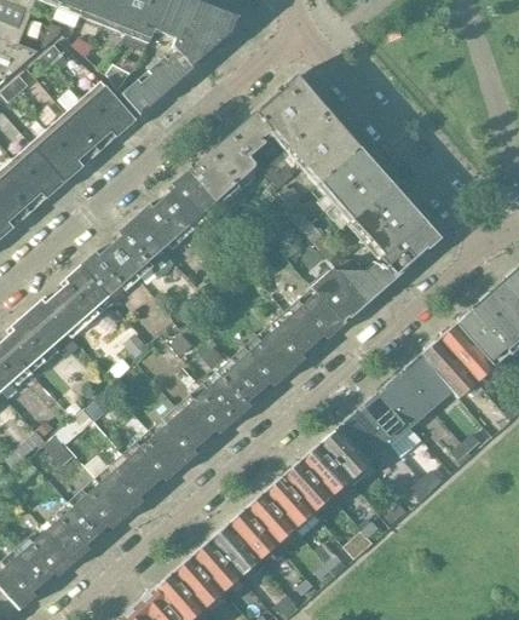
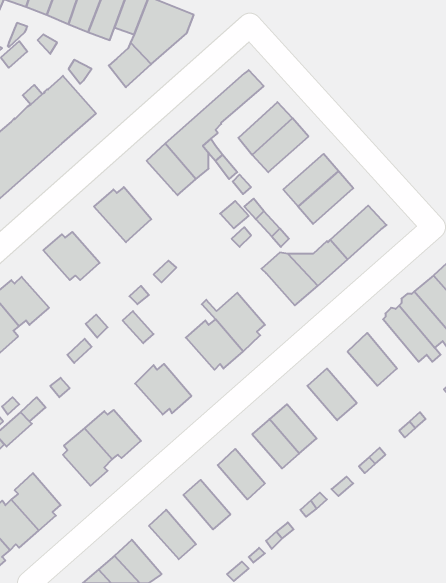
building: [123,69,168,115] -> none
building: [269,91,328,145] -> none
building: [318,144,376,200] -> none
building: [166,170,218,231] -> none
building: [365,199,423,256] -> none
building: [111,218,174,277] -> none
building: [58,264,109,325] -> none
building: [286,288,346,343] -> none
building: [422,337,484,397] -> none
building: [208,356,261,418] -> none
building: [380,371,433,425] -> none
building: [155,404,207,465] -> none
building: [338,407,391,463] -> none
building: [283,458,333,510] -> none
building: [70,480,131,533] -> none
building: [247,490,296,542] -> none
building: [211,522,260,574] -> none
building: [174,555,224,605] -> none

